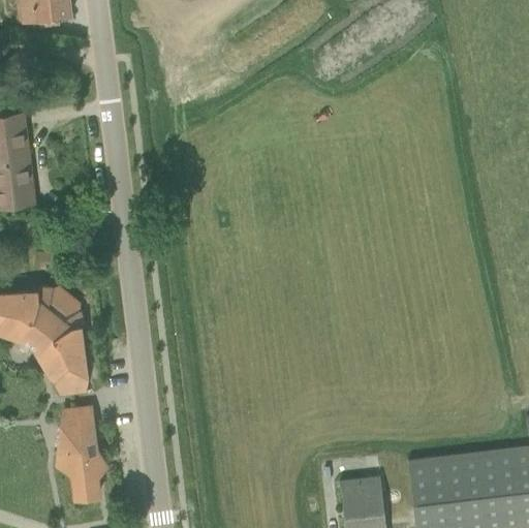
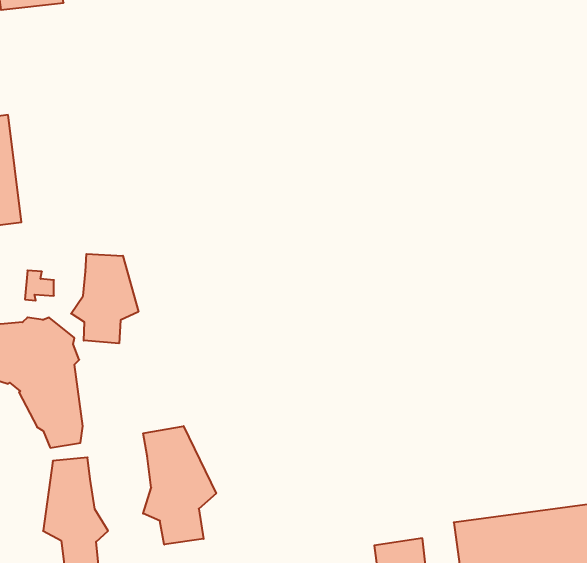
building: none -> [71,254,138,343]
building: none -> [143,426,216,545]

